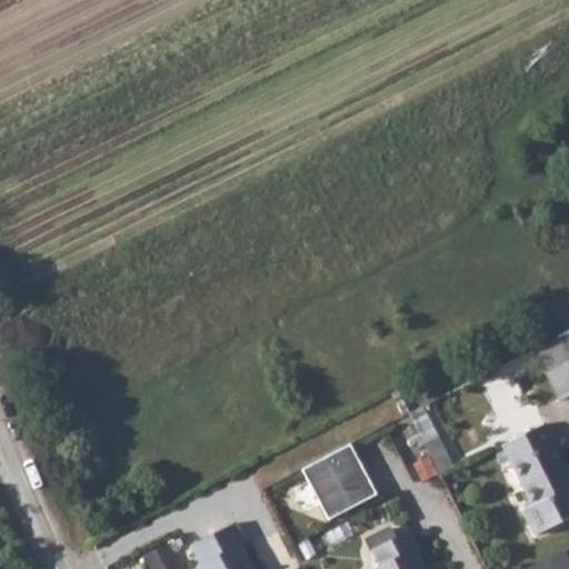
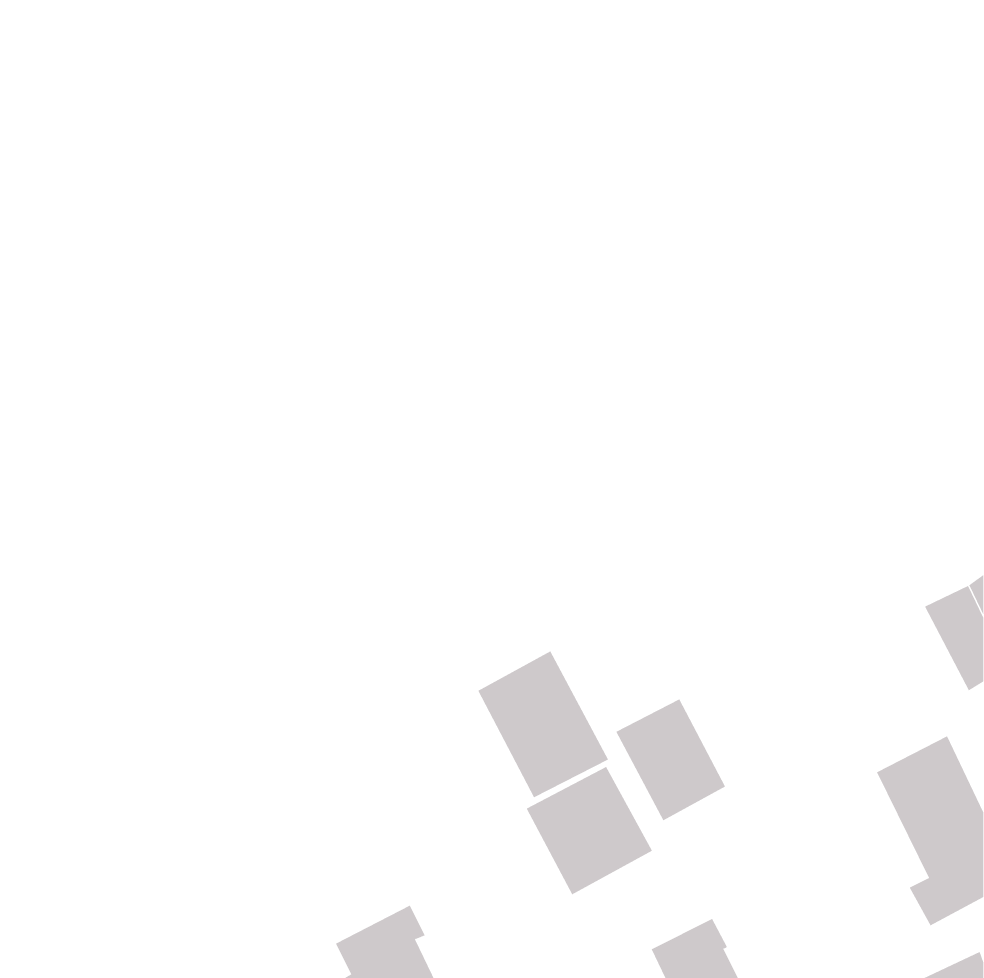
building: none -> [477,651,609,798]
building: none -> [615,698,726,821]

